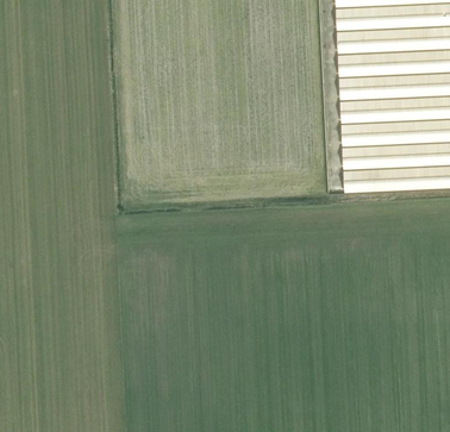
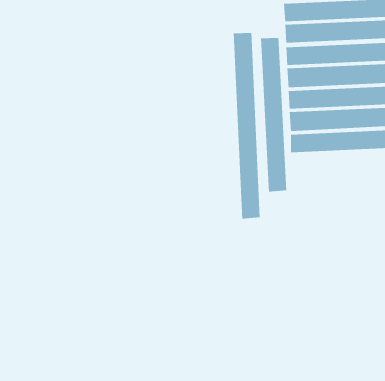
building: none -> [233,32,261,220]
building: none -> [260,37,287,193]

